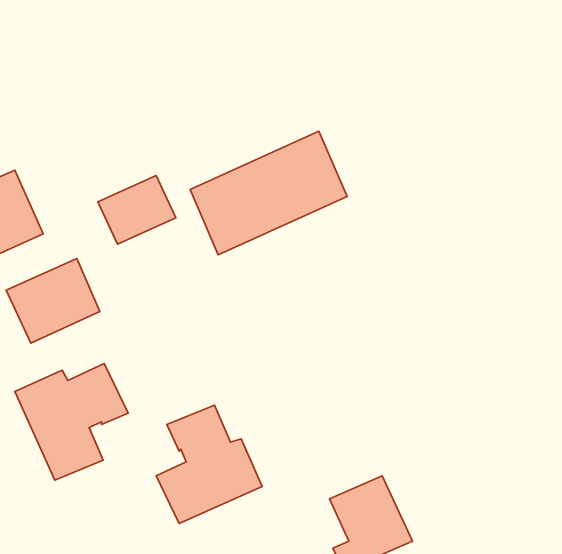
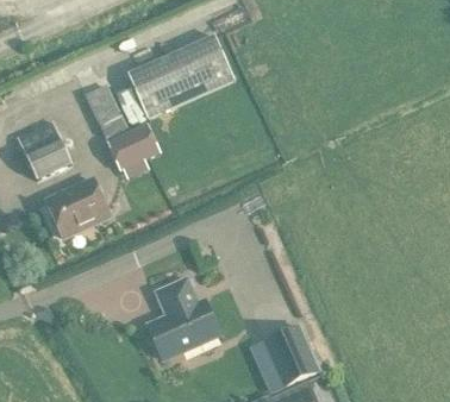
building: none -> [85,82,127,136]
building: [190,131,347,255] -> [129,33,235,117]
building: [15,364,128,480] -> none

